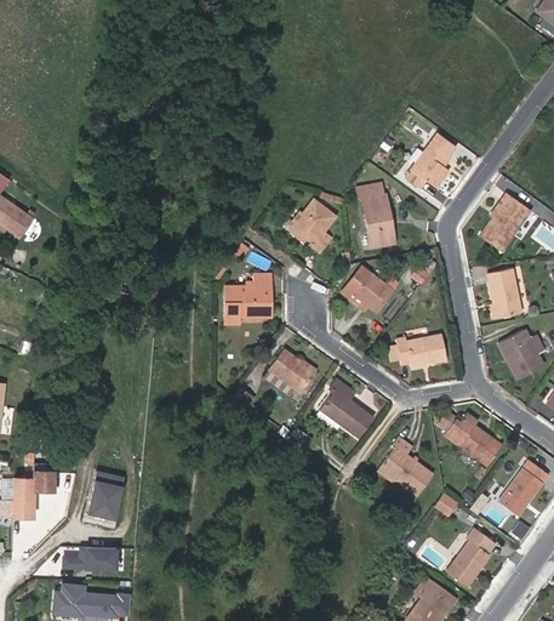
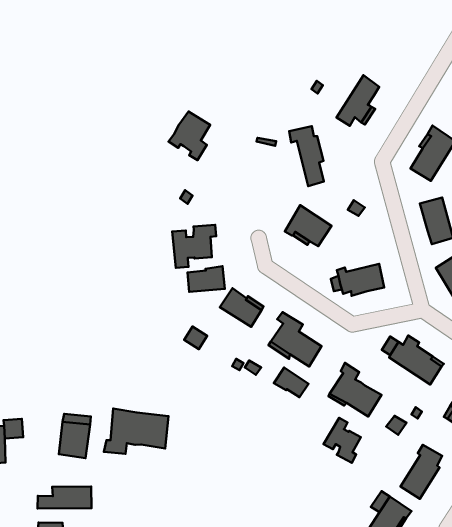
building: [290,200,335,252] -> [169,111,210,160]
building: none -> [188,266,225,292]
building: none -> [274,367,309,397]
building: none -> [104,409,169,454]
building: none -> [324,418,361,463]

